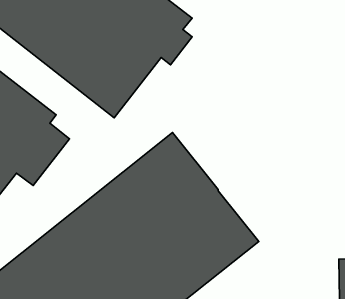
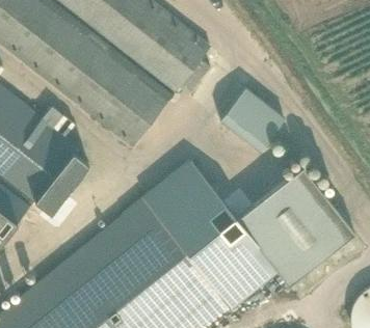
building: none -> [219,89,284,153]
building: none -> [235,166,353,284]

